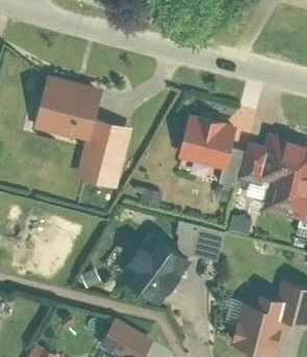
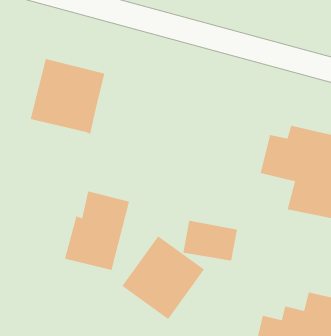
building: [179,116,236,171] -> none
building: [75,119,133,190] -> [64,191,130,271]

